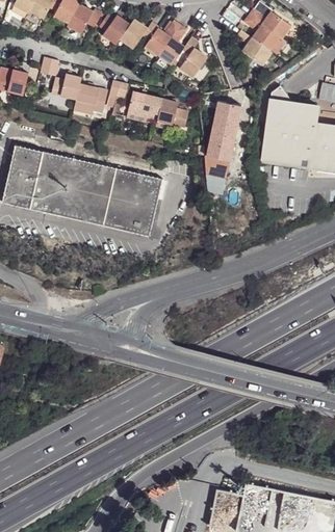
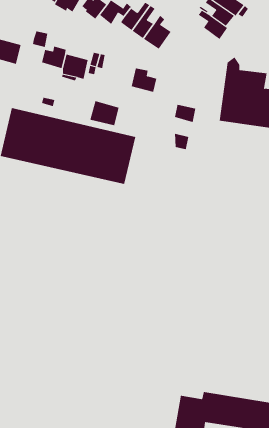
building: [127,90,162,121] -> [89,100,119,126]
building: [211,103,243,147] -> none
building: [206,156,230,180] -> none

